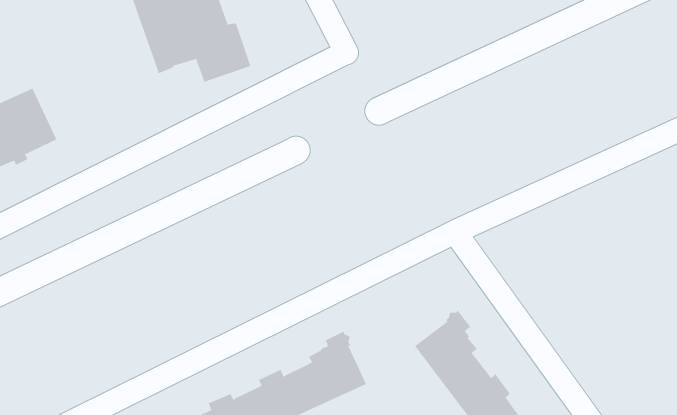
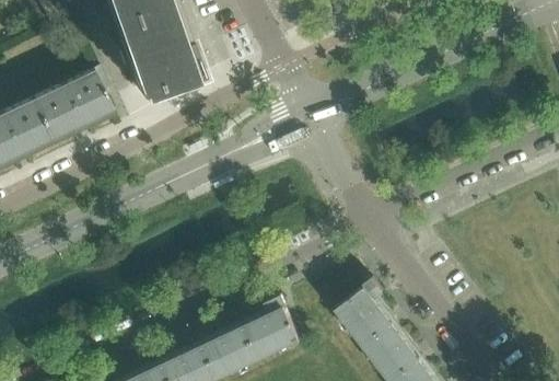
building: none -> [31,67,113,141]

